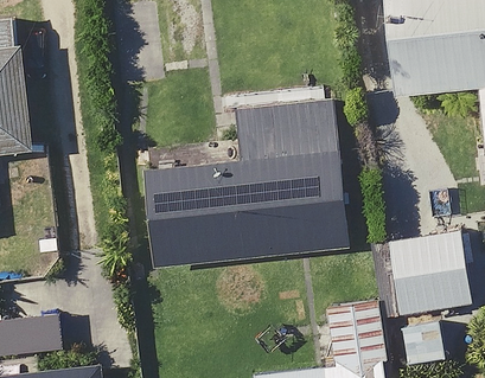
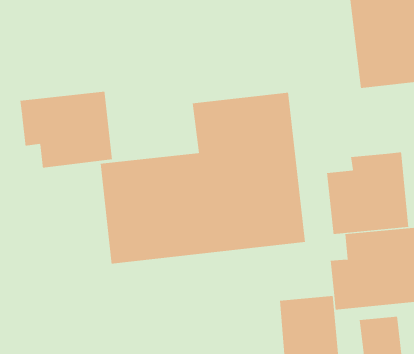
building: none -> [20,91,112,168]
building: none -> [326,151,409,235]

